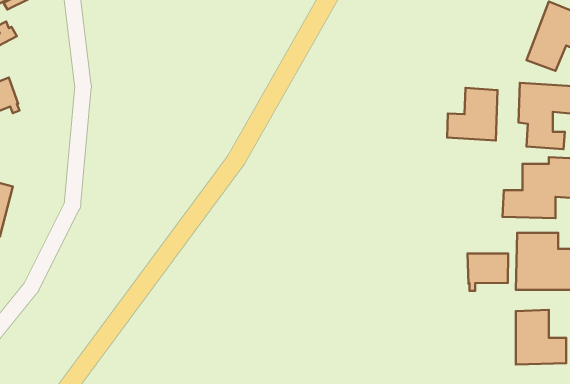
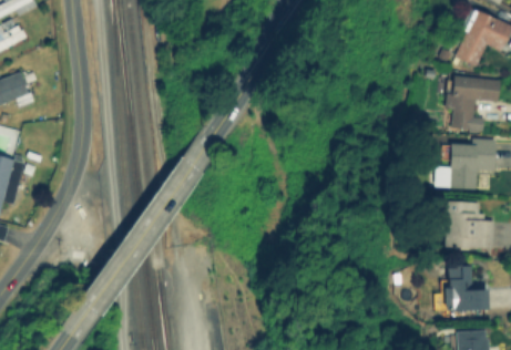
building: [447,88,498,141] -> none
building: [468,254,508,291] -> none

